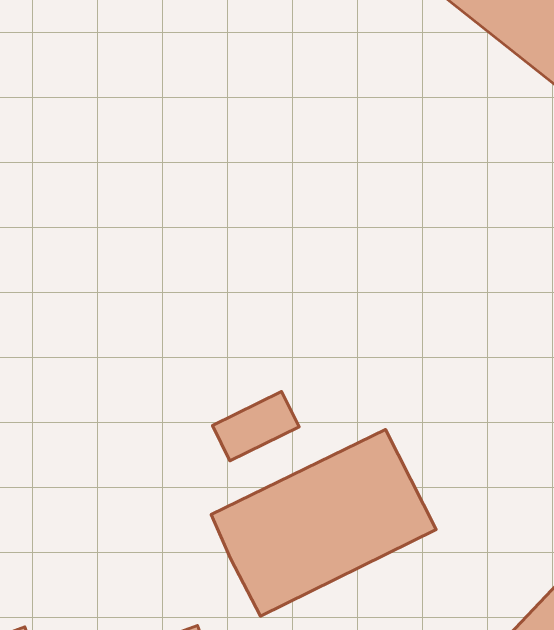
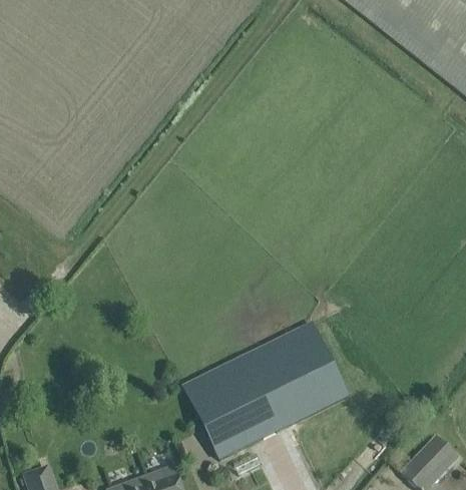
building: [212,392,299,461] -> none

